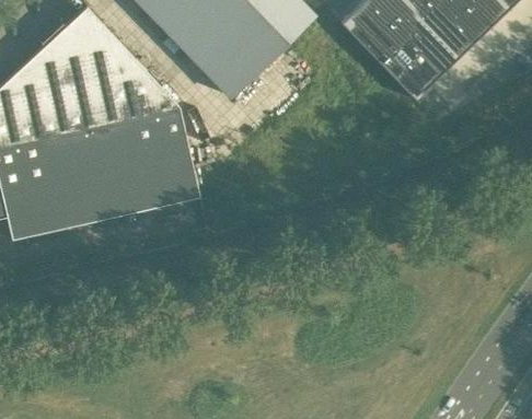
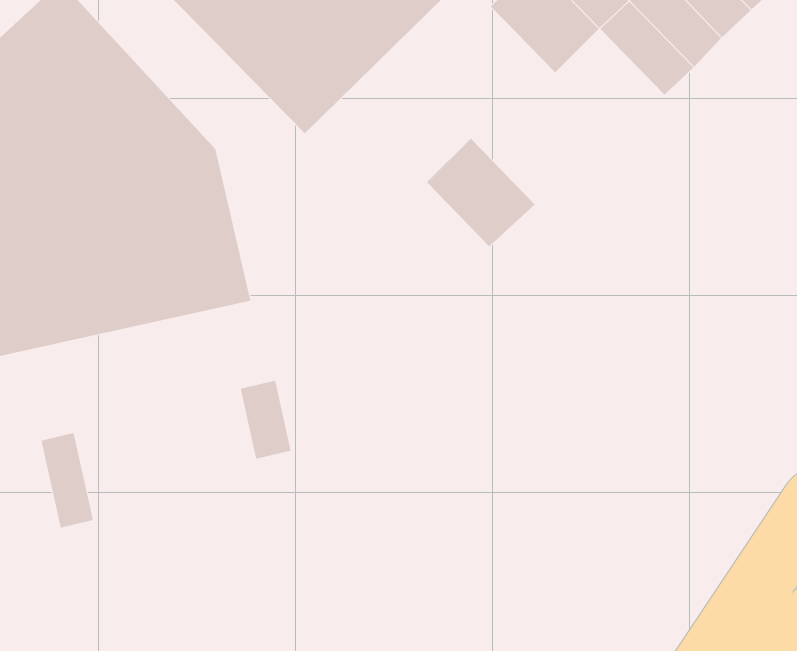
building: [379,34,443,98] -> [426,138,536,247]
building: none -> [240,380,291,460]
building: none -> [41,432,94,529]

